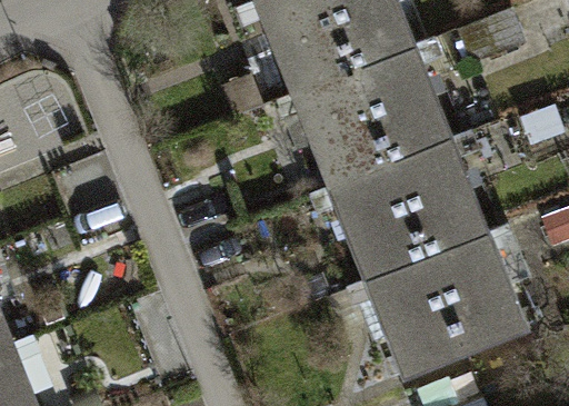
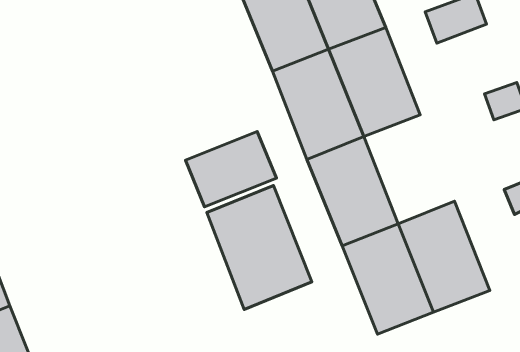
building: [391,137,488,254] -> none
building: none -> [186,132,276,207]
building: none -> [207,186,312,309]

